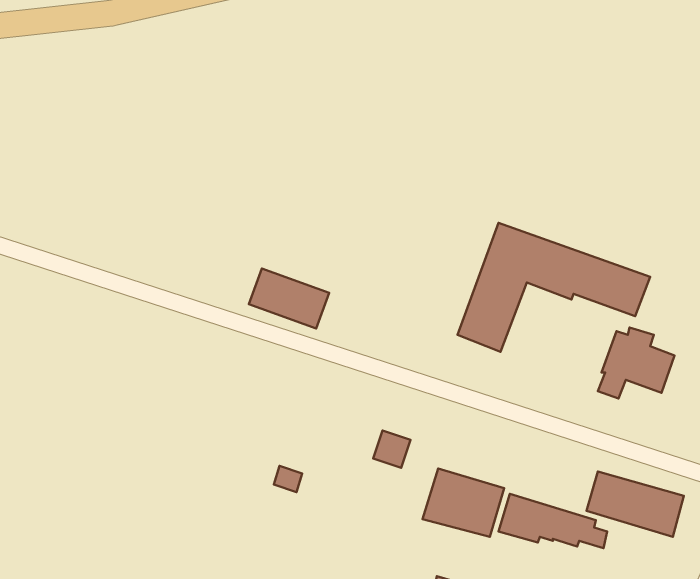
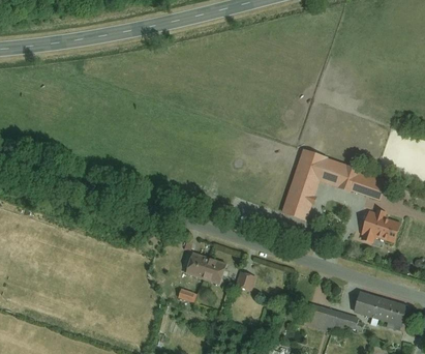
building: [249,269,329,329] -> [183,246,227,279]
building: [423,468,504,537] -> none

